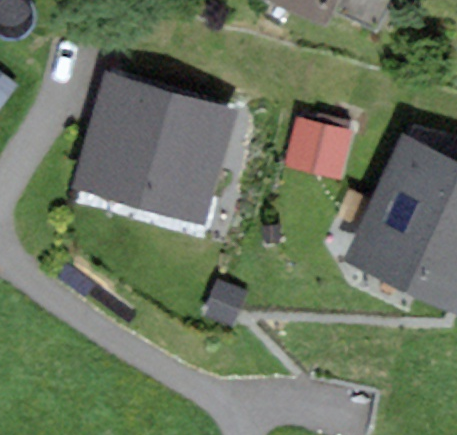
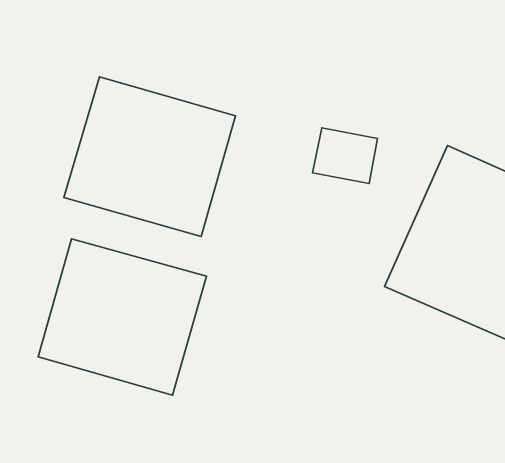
building: none -> [38,239,206,395]

